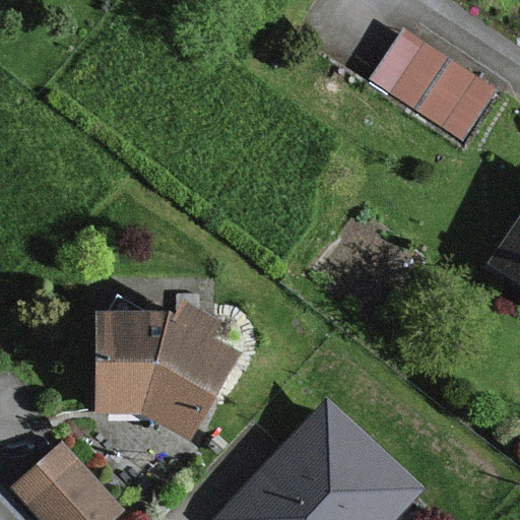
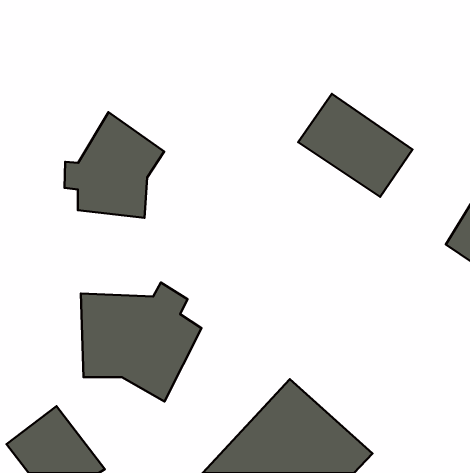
building: [373,26,498,139] -> [298,94,413,197]
building: none -> [65,112,164,218]

